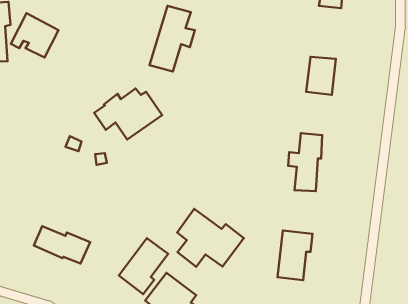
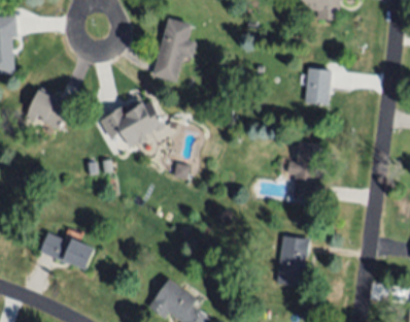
building: [11,13,58,58] -> [24,87,70,130]
building: [177,209,244,267] -> none
building: [119,238,168,294] -> none

